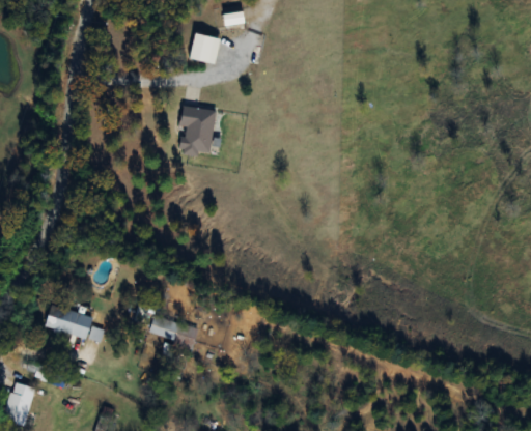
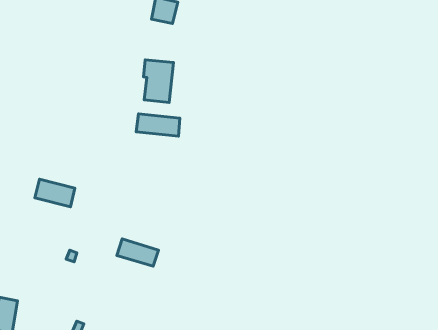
building: none -> [136,114,180,136]
building: [46,306,92,338] -> [35,179,75,207]

